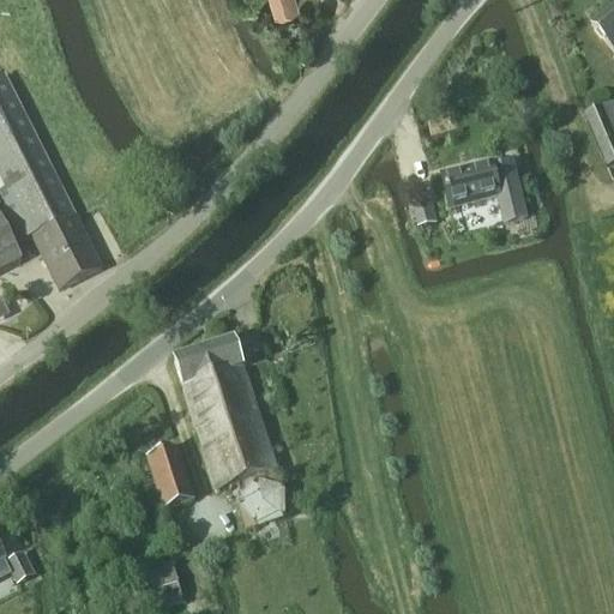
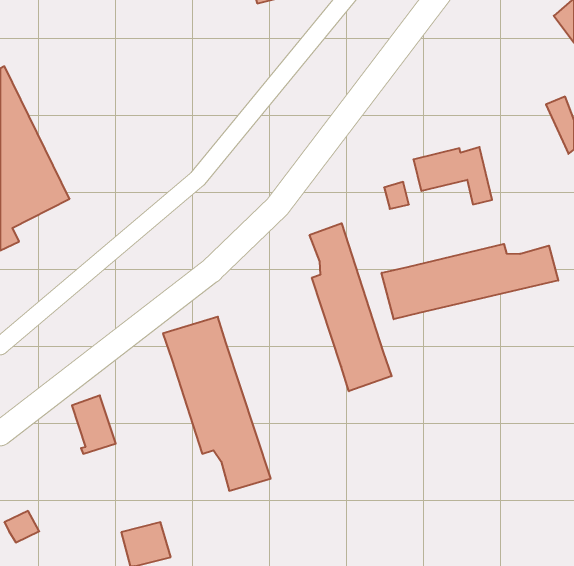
building: [32,212,101,283] -> none
building: none -> [310,223,392,391]
building: none -> [382,244,558,319]
building: [146,444,193,506] -> [72,395,116,454]

